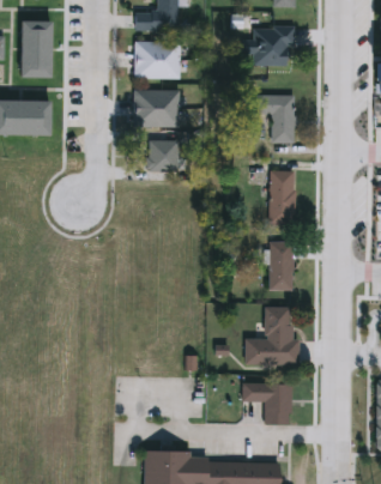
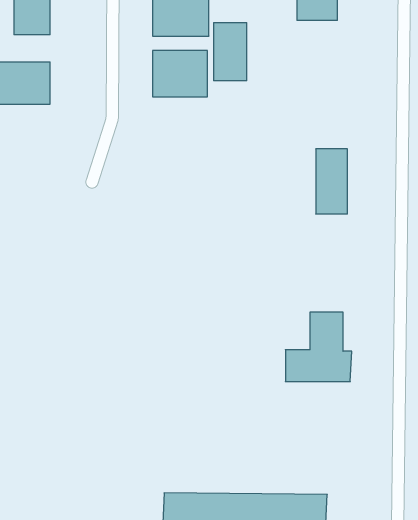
building: [270,96,297,144] -> [214,23,247,81]
building: [149,140,179,171] -> none
building: [271,242,296,291] -> none
building: [244,383,294,424] -> none

